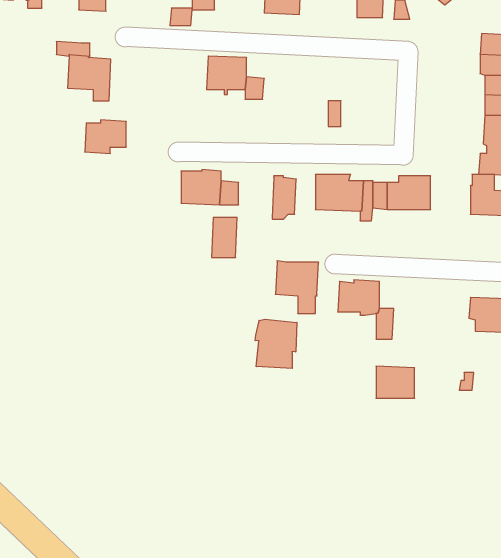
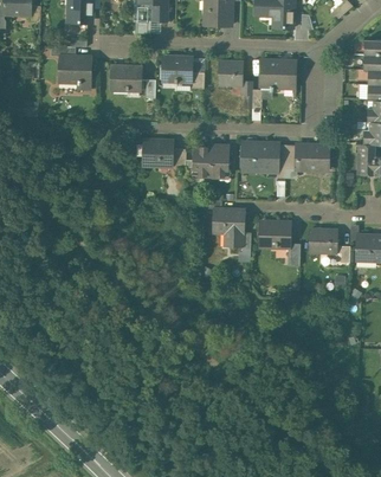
building: none -> [258,59,295,91]
building: none -> [217,60,241,85]
building: [85,120,126,154] -> [109,65,140,90]
building: [212,217,237,257] -> [192,146,211,175]
building: [255,319,297,368] -> none
building: [376,366,415,398] -> [308,228,336,252]

